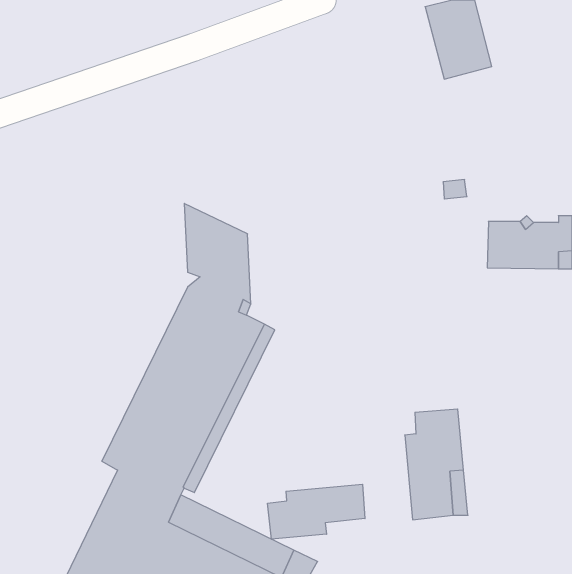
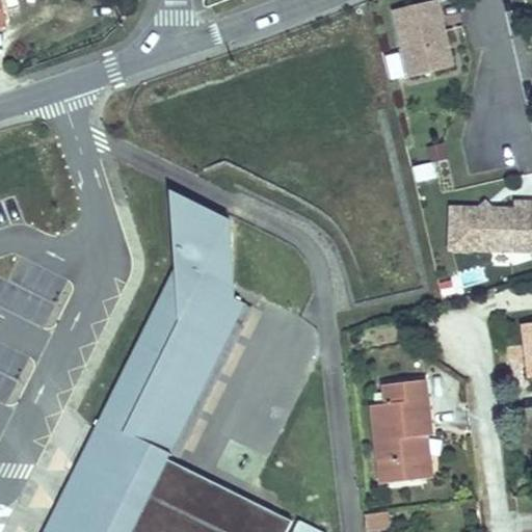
building: [268,484,365,539] -> none

